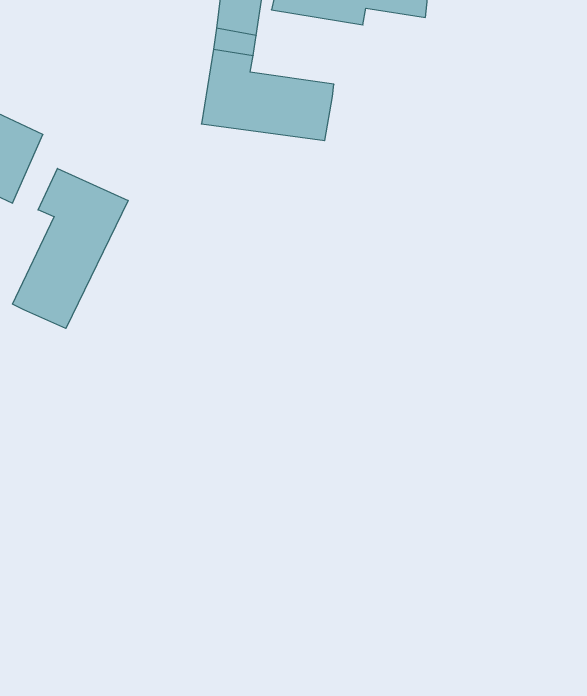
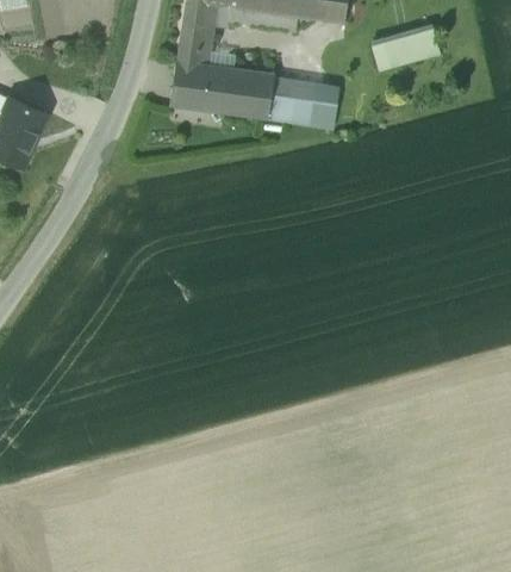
building: none -> [367,24,437,72]
building: none -> [266,85,334,128]
building: [13,168,128,328] -> none

